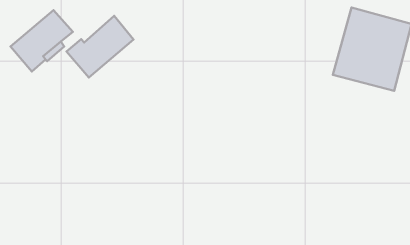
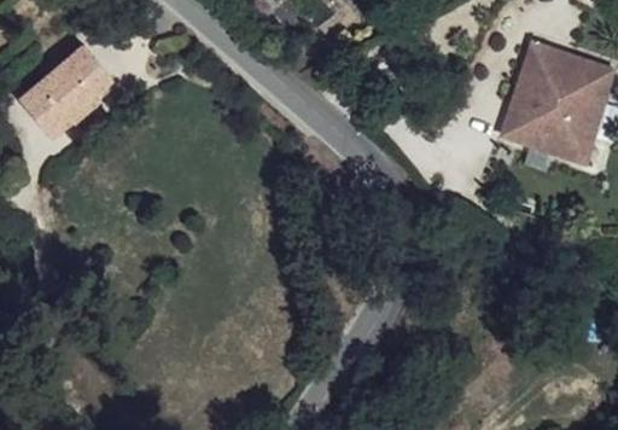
building: [66,16,134,77] -> none

